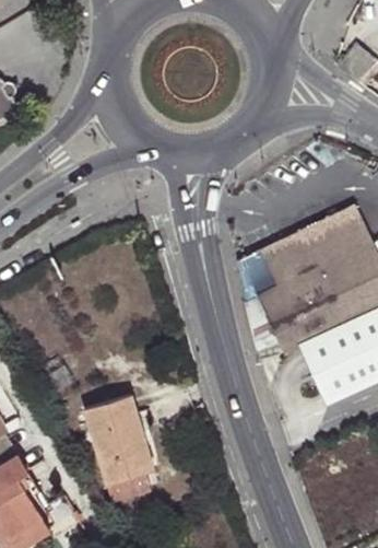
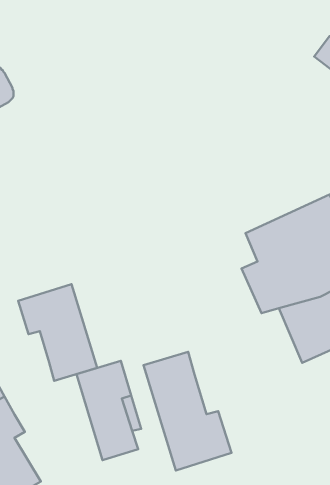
building: none -> [18,284,97,381]
building: none -> [143,352,231,471]

